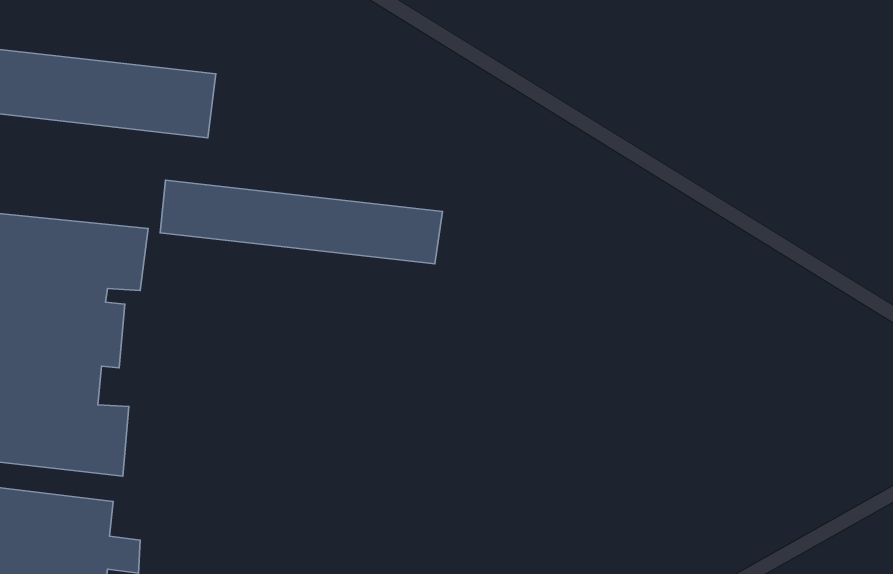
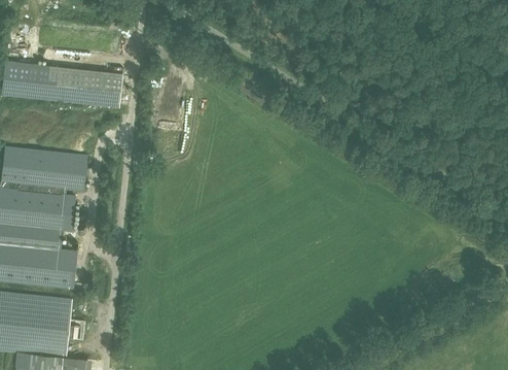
building: [160,180,443,264] -> none

